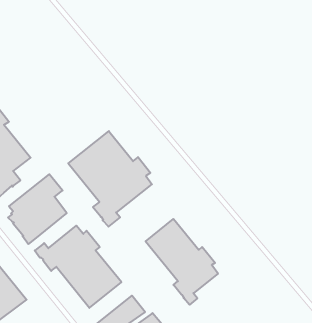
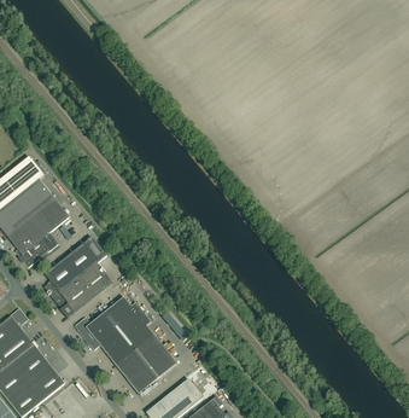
building: [68,131,152,227] -> none
building: [146,219,218,305] -> none

